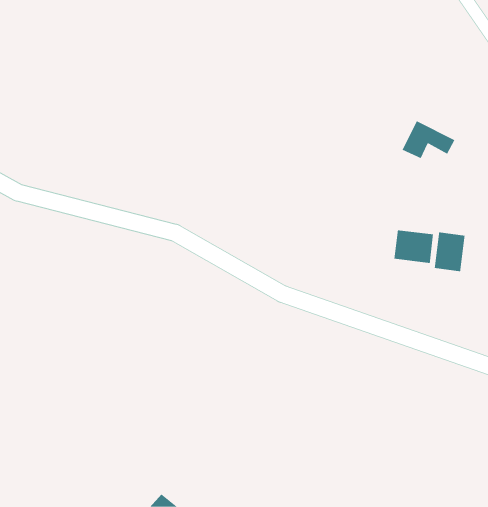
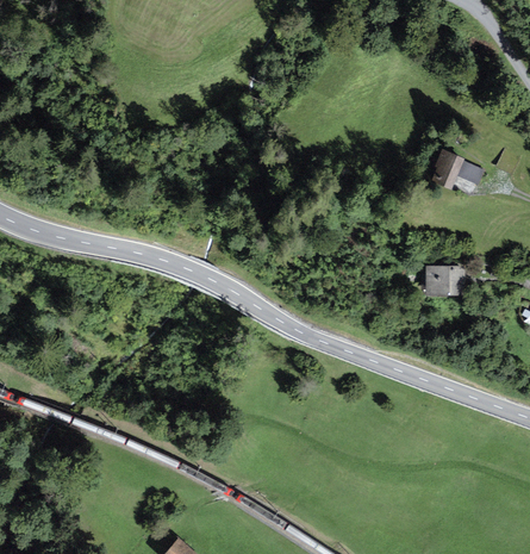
building: [434,231,465,272] -> none

